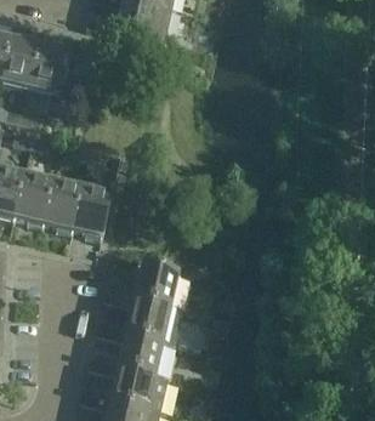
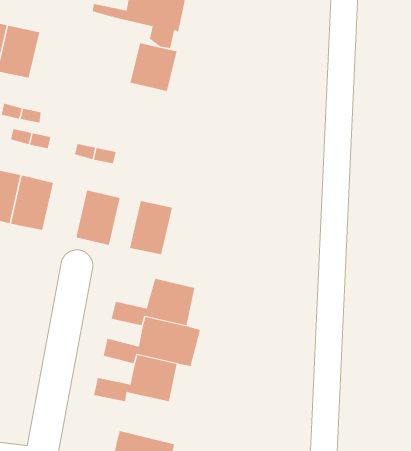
building: [32,44,70,92] -> none
building: none -> [130,42,177,92]
building: [44,178,83,227] -> [129,201,173,255]
building: [81,365,169,411] -> none

